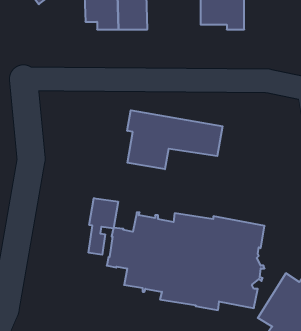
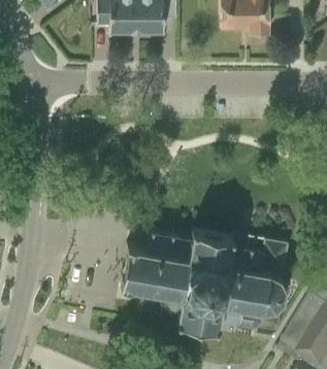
building: [127,110,223,169] -> none
building: [89,198,118,255] -> none

